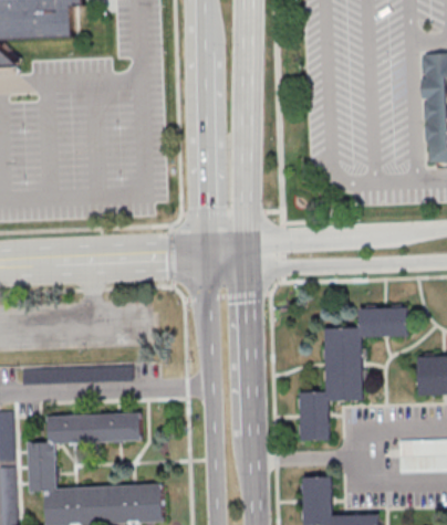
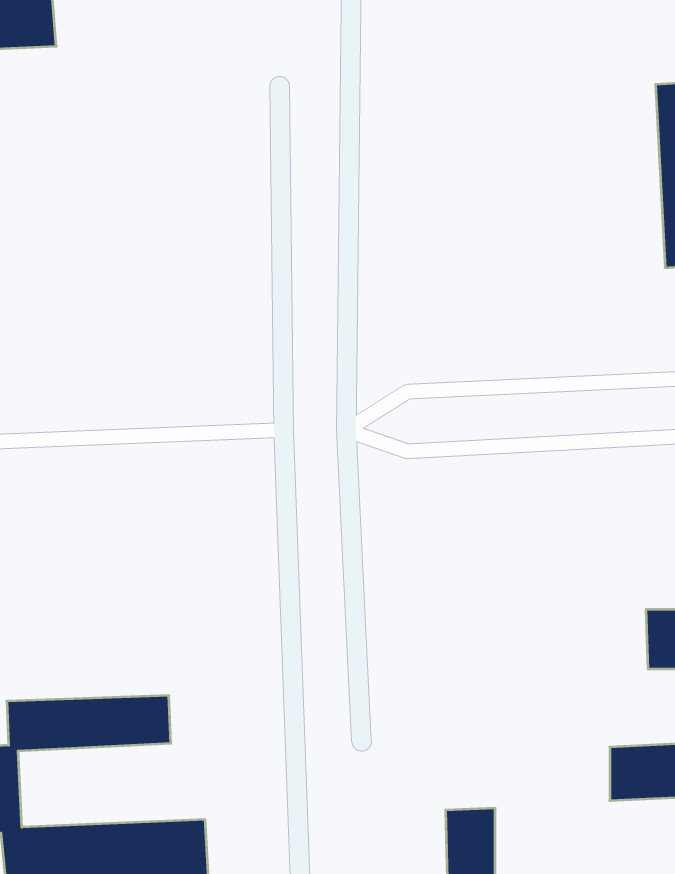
building: [299,309,407,444] -> none

